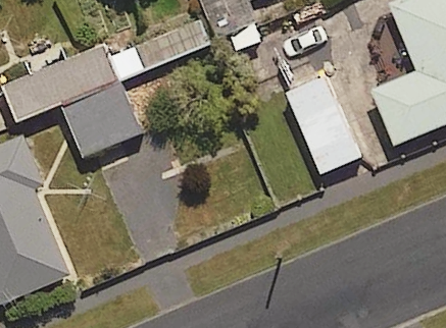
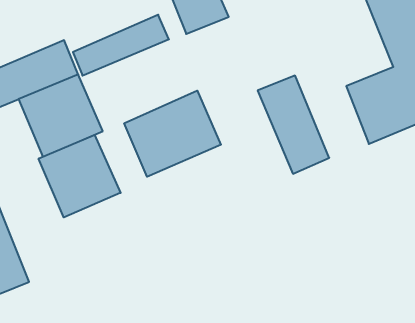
building: none -> [124,91,221,177]
building: none -> [39,135,121,217]

